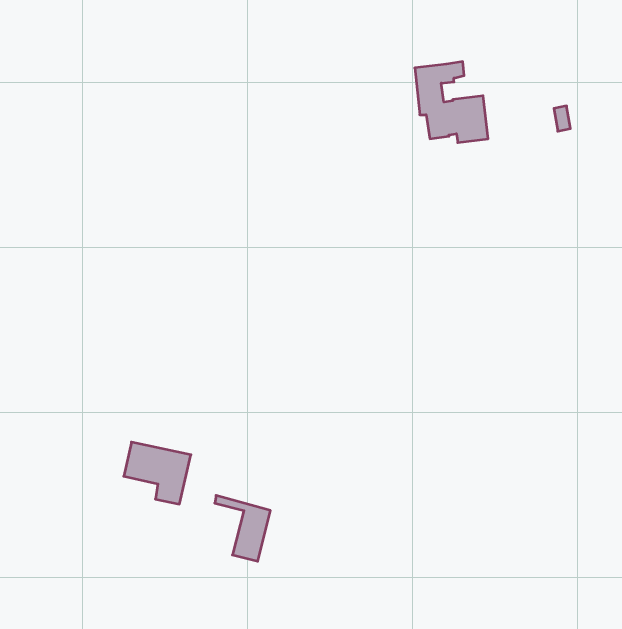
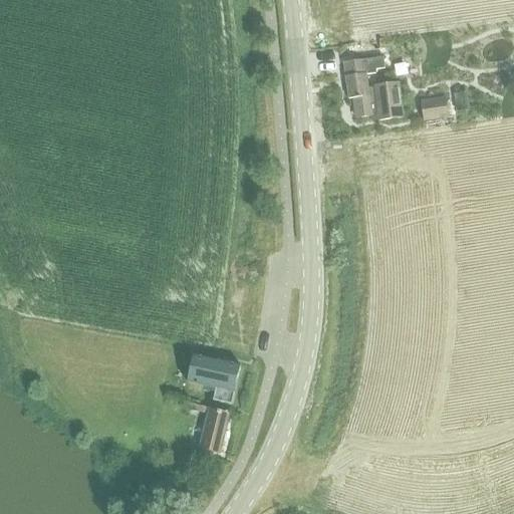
building: none -> [420,96,447,119]
building: [124,442,191,504] -> [187,352,240,402]

